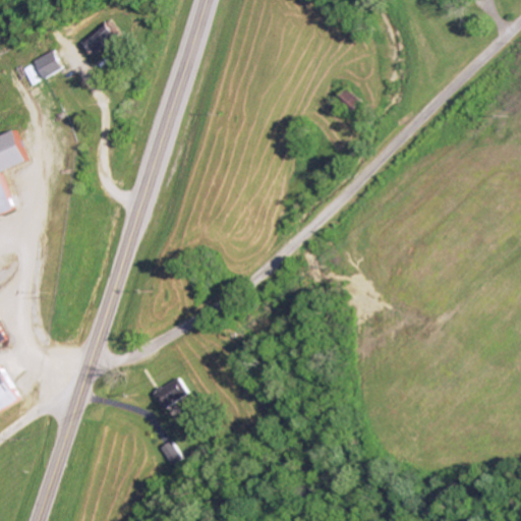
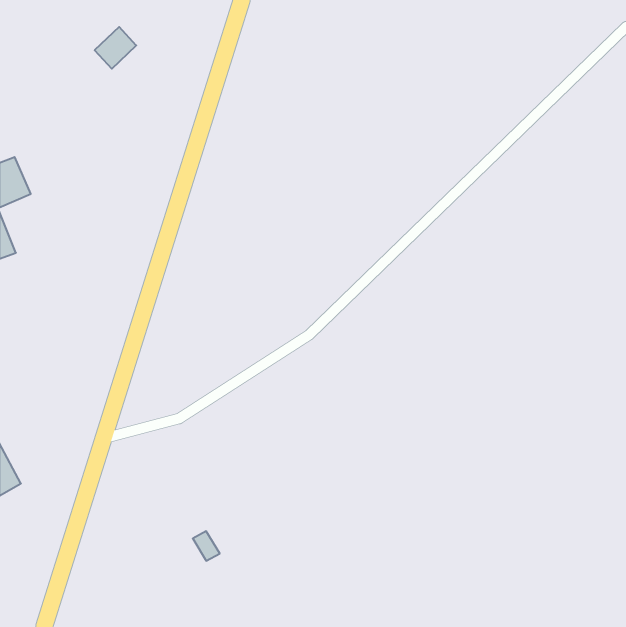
building: [32,51,59,78] -> none
building: [154,378,188,408] -> none

